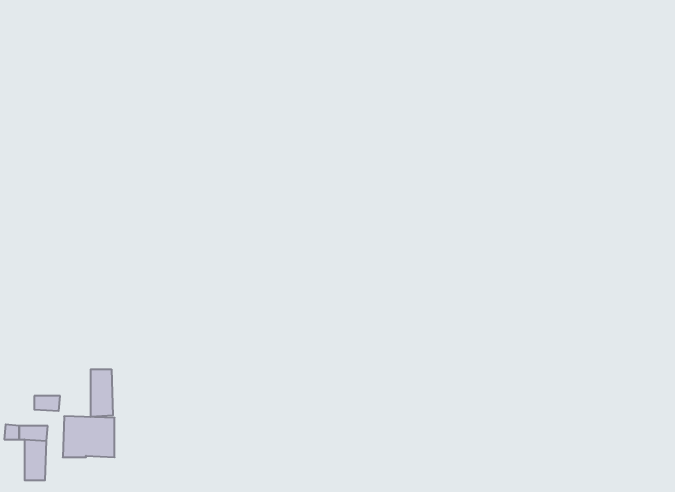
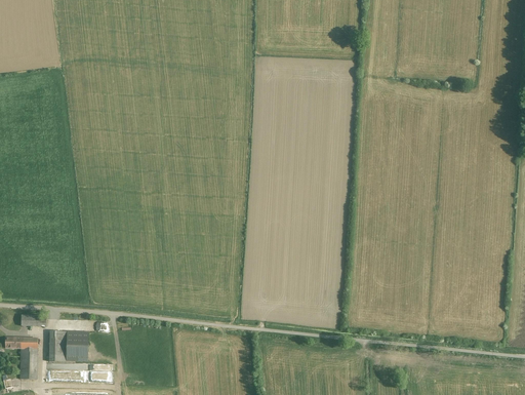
building: [91,369,113,417] -> none

